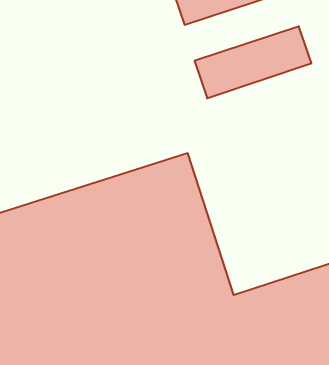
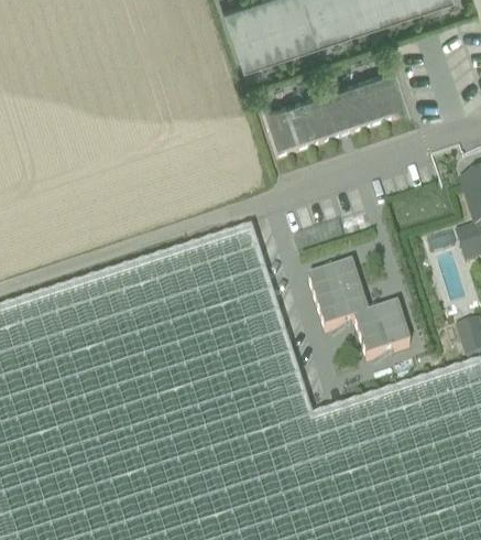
building: none -> [300,263,403,360]

